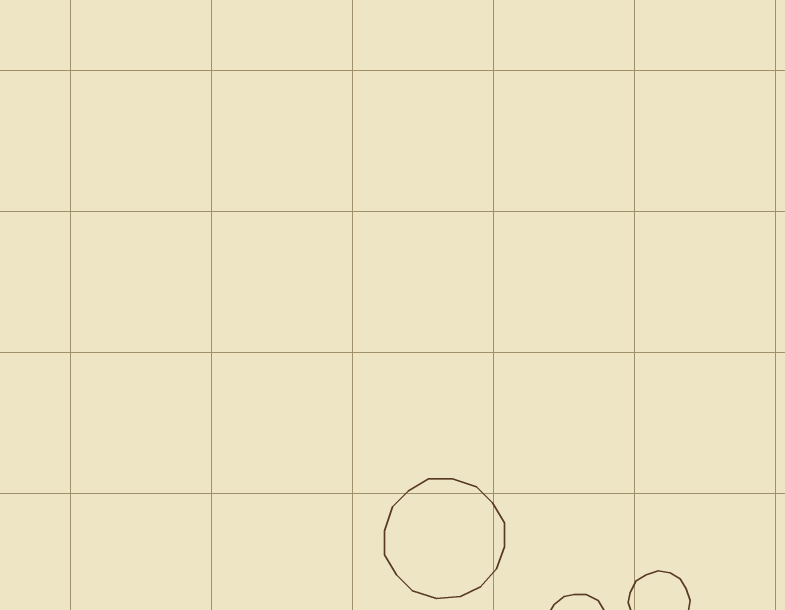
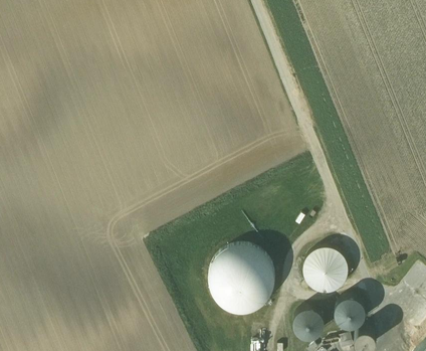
building: none -> [304,248,346,290]

